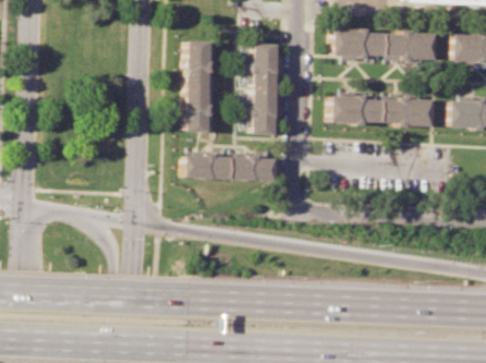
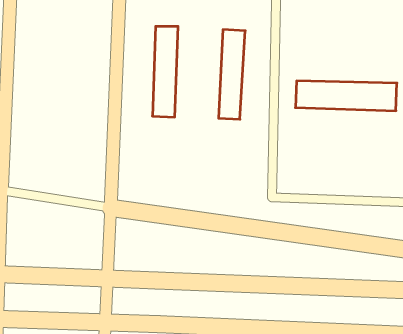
building: [333,31,435,59] -> none
building: [183,156,275,183] -> none

